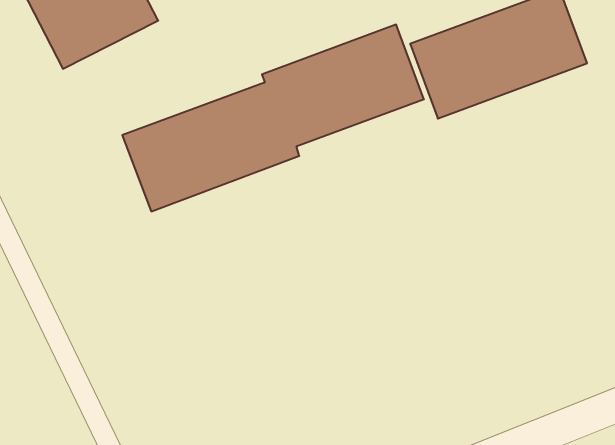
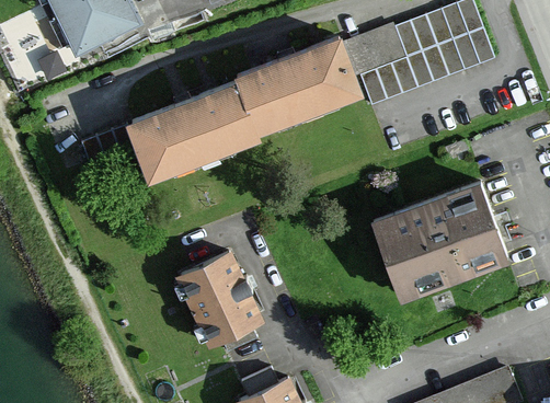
building: none -> [368,176,506,296]
building: none -> [177,253,268,352]

